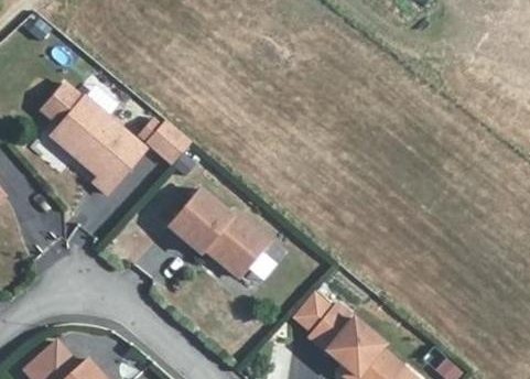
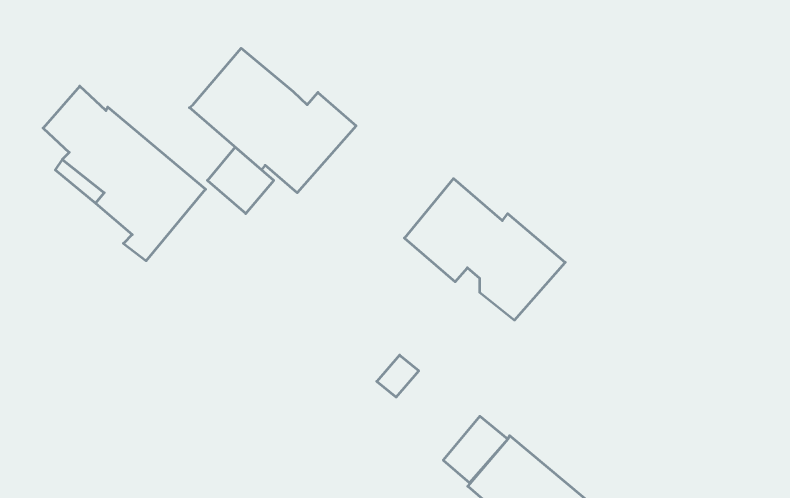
building: none -> [189,48,356,193]
building: [170,189,271,279] -> [404,179,565,320]

